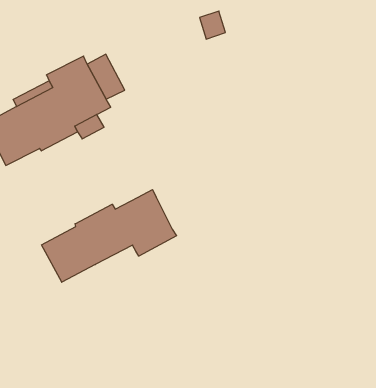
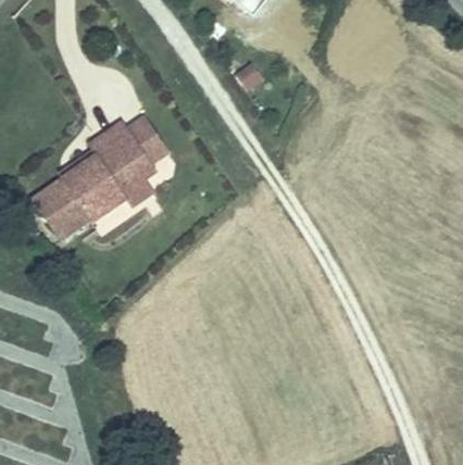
building: [42,190,177,282] -> none

